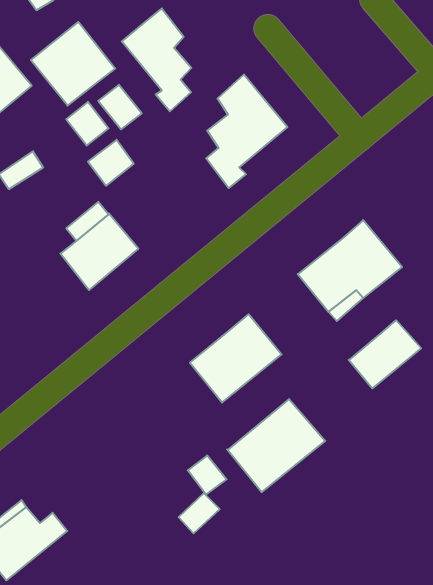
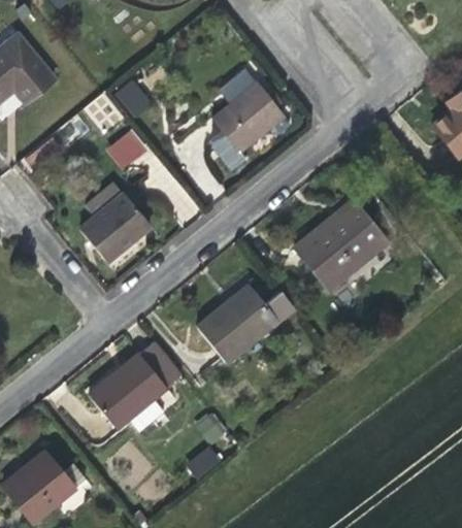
building: [122,8,191,111] -> none
building: [31,22,115,106] -> none
building: [349,320,421,388] -> none
building: none -> [89,341,180,432]
building: [227,399,325,492] -> none

